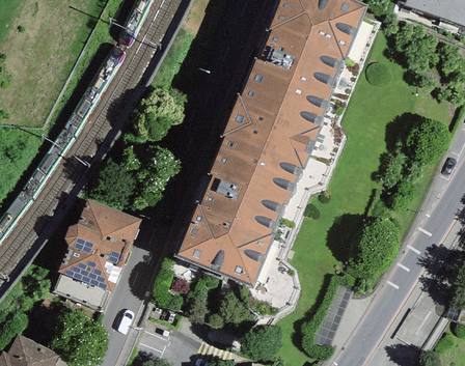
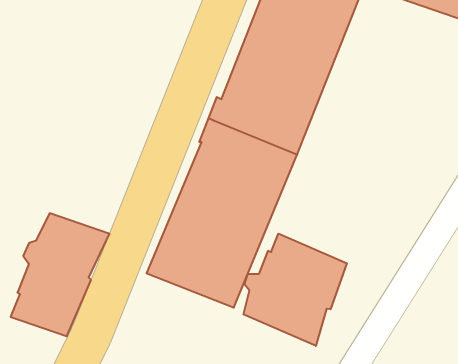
building: none -> [243,234,347,346]

